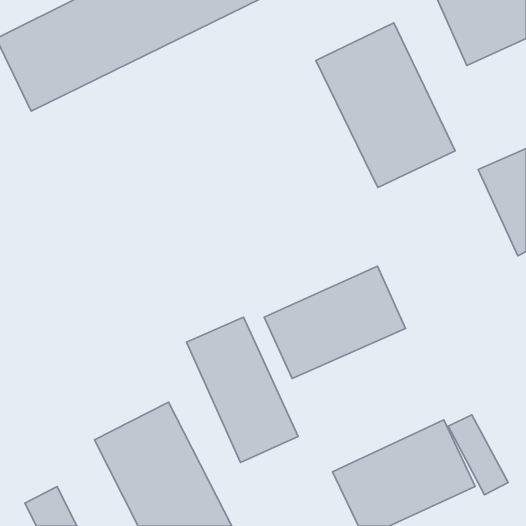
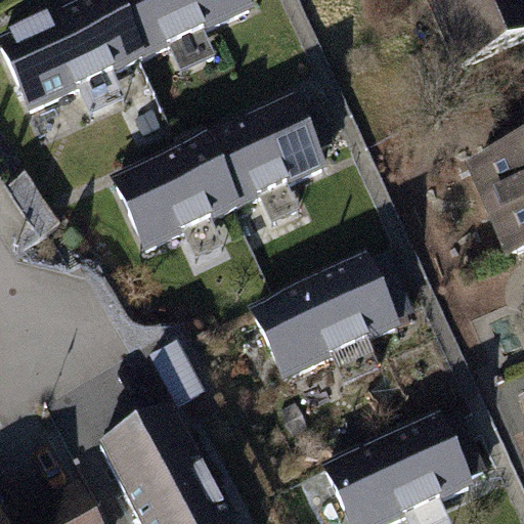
building: [316,23,455,187] -> none
building: none -> [113,96,322,252]
building: [187,317,298,462] -> none

